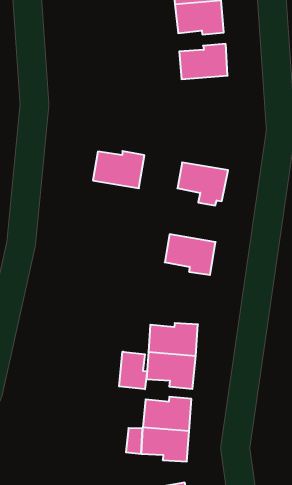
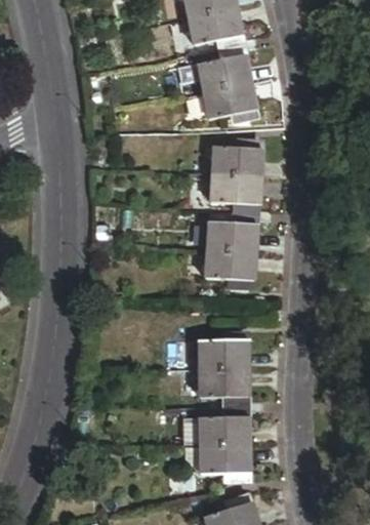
building: none -> [204,83,256,119]
building: [93,151,144,188] -> [213,143,262,178]
building: none -> [208,219,257,252]
building: [119,352,147,389] -> none

